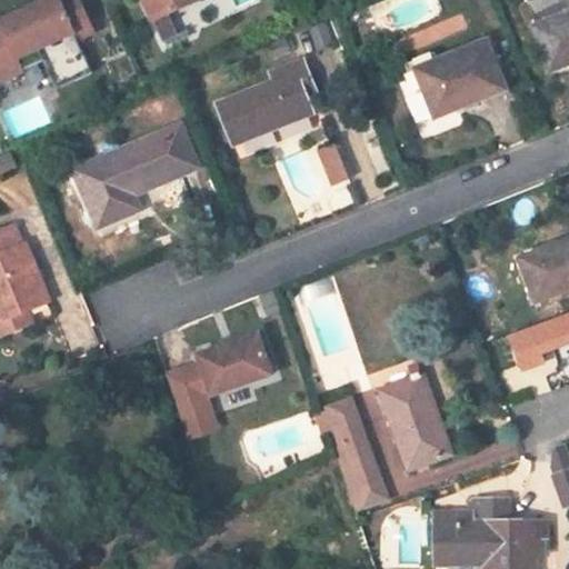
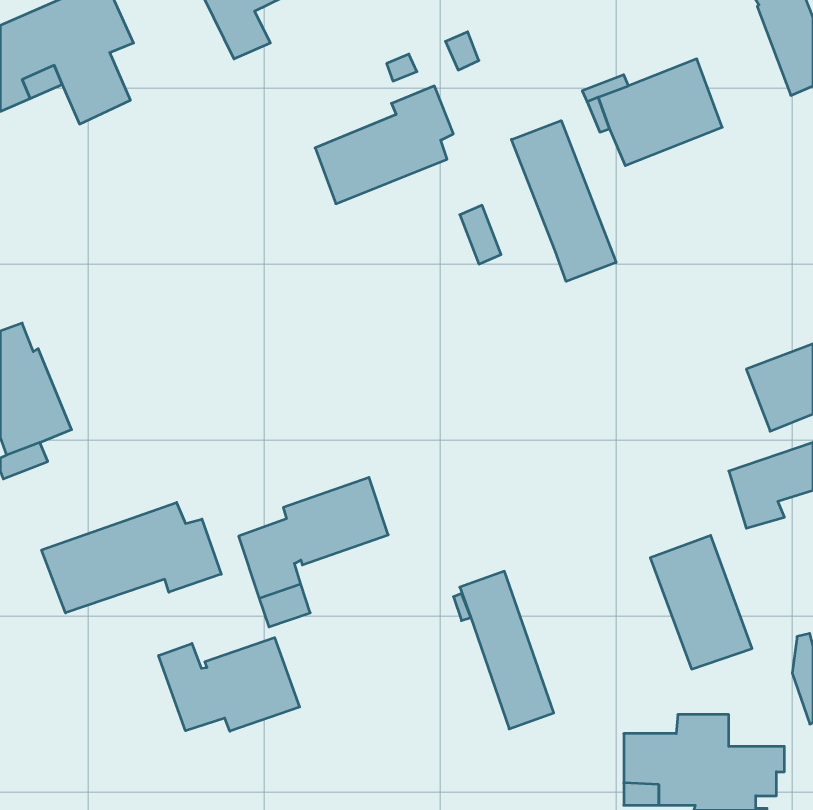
building: none -> [511,121,616,281]
building: [76,124,199,227] -> none
building: none -> [42,502,221,613]
building: [381,375,452,468] -> [650,535,752,669]
building: none -> [159,638,300,731]

